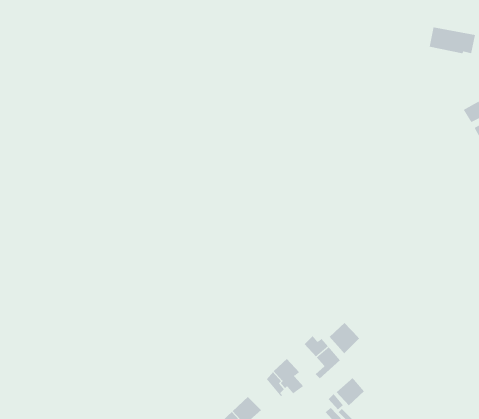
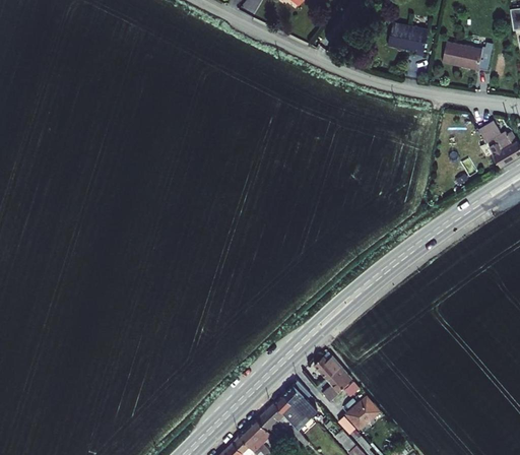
building: none -> [389,25,428,57]
building: [329,322,360,354] -> none
building: none -> [260,401,294,433]

